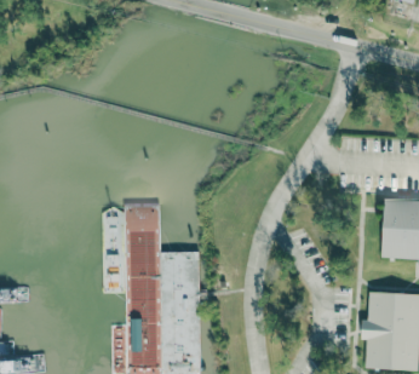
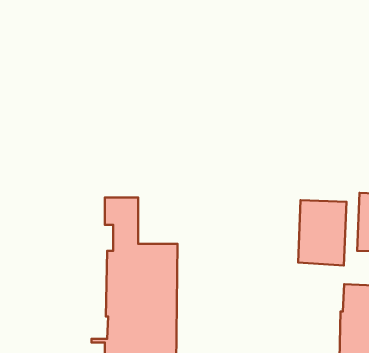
building: none -> [298,200,346,266]

